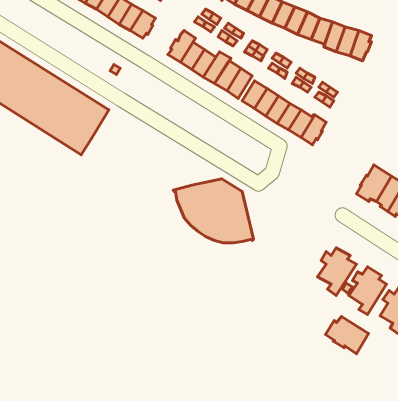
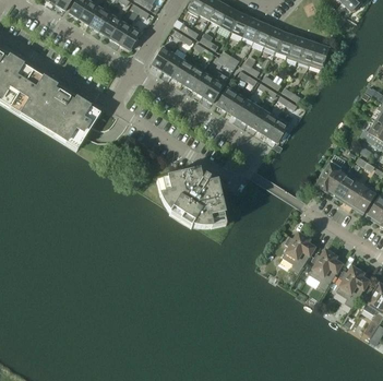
building: [325,317,368,354] -> none

